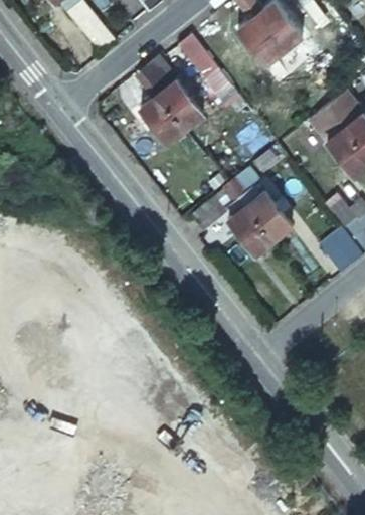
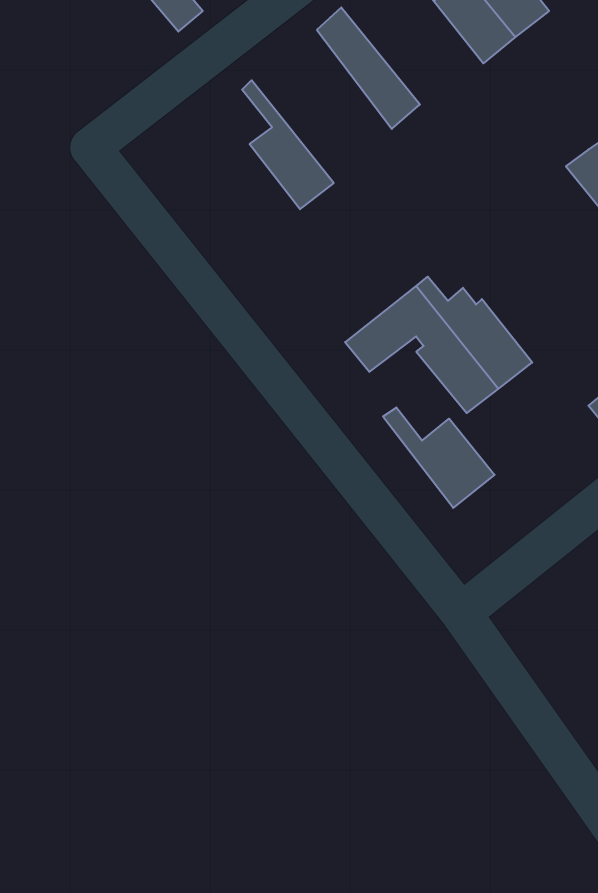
building: [141,60,202,130] -> none
building: none -> [383,407,495,508]

